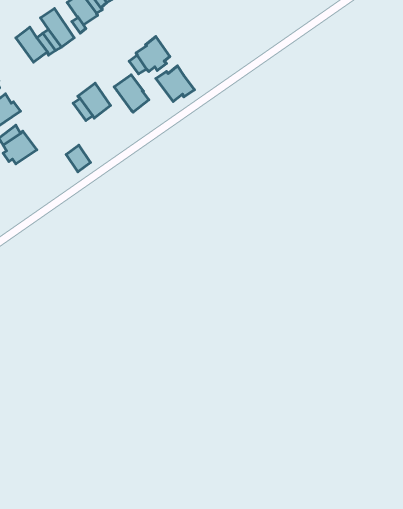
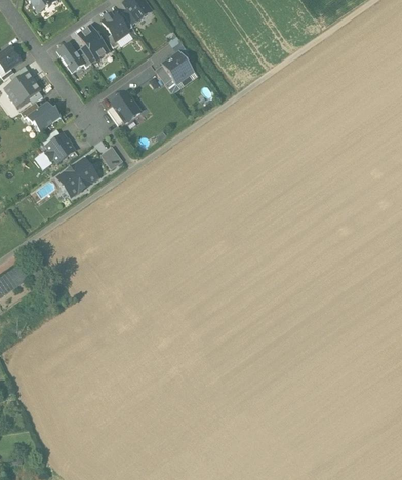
building: [156,66,194,101] -> none
building: [114,75,149,112] -> none
building: none -> [58,159,96,195]

